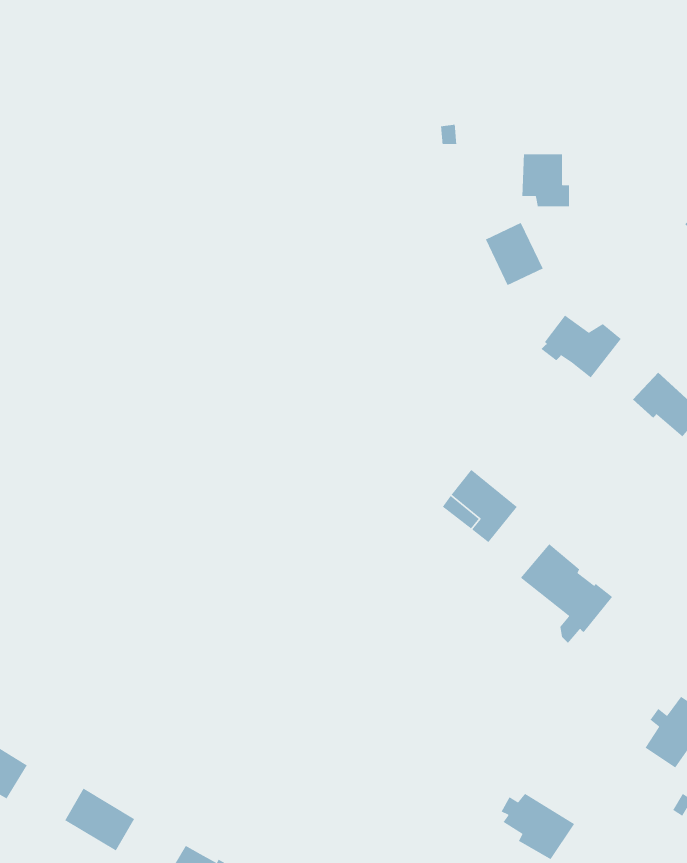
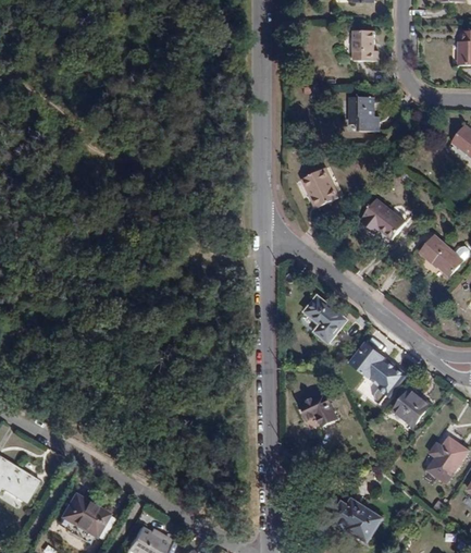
building: none -> [352,29,377,61]
building: [485,222,544,286] -> [301,168,338,208]
building: none -> [392,389,430,426]
building: none -> [298,392,336,426]

